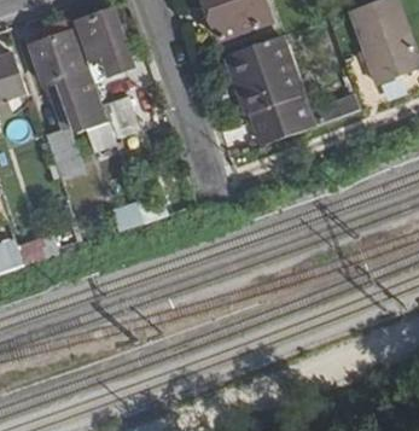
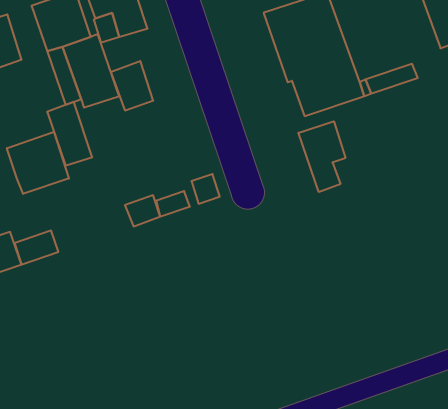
building: none -> [298,121,345,192]
building: none -> [7,132,69,194]

